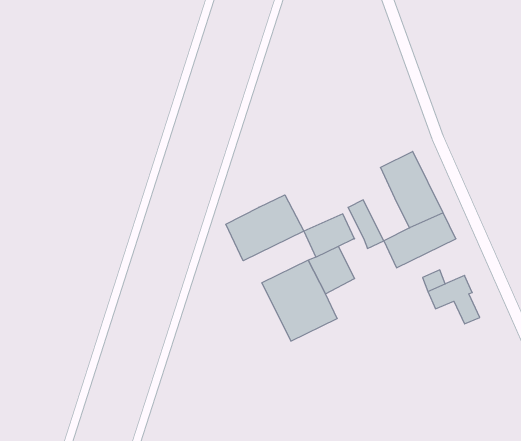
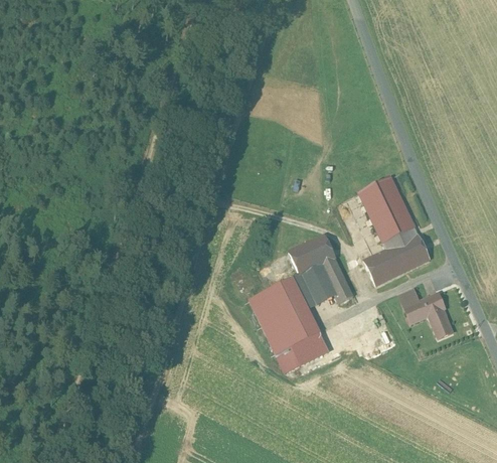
building: [226,195,304,261] -> none
building: [348,200,384,248] -> [320,258,353,303]
building: none -> [276,332,328,372]

